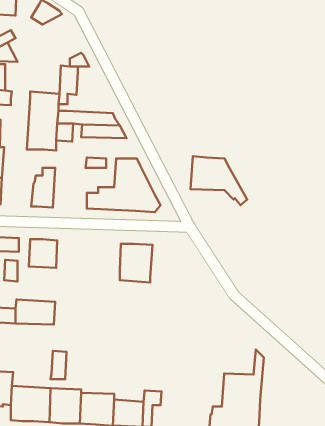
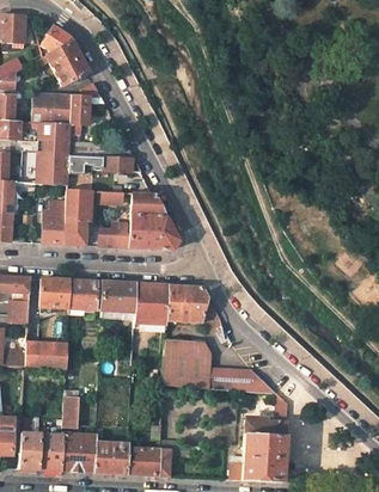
building: none -> [48,42,88,86]
building: none -> [31,94,72,125]
building: [190,156,247,205] -> [166,284,226,336]
building: none -> [63,191,87,245]
building: none -> [67,279,96,314]
building: none -> [99,281,135,316]
building: none -> [163,339,274,392]

